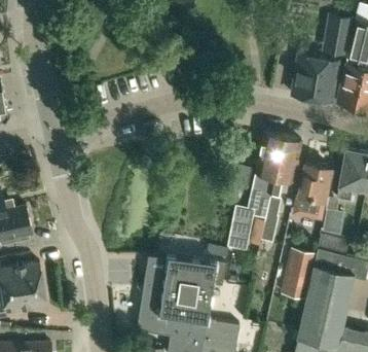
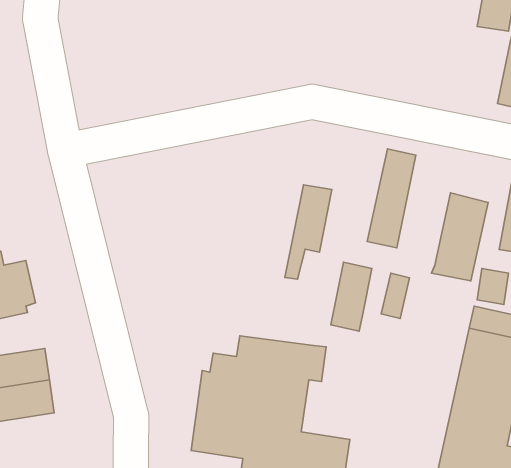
building: [293,55,335,101] -> none
building: [270,136,301,198] -> [285,185,332,279]
building: [285,252,315,289] -> none

